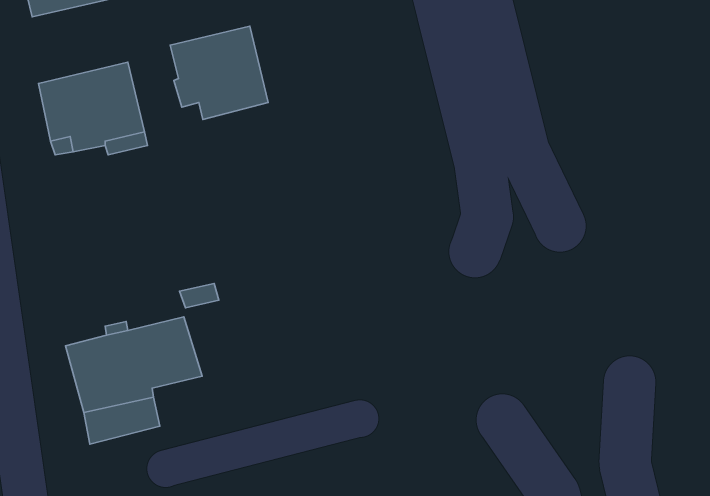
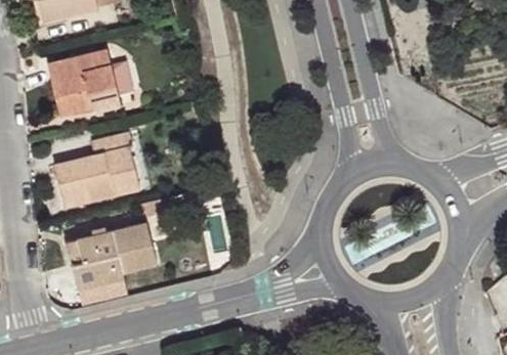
building: [170,26,268,119] -> none
building: none -> [54,134,139,205]

